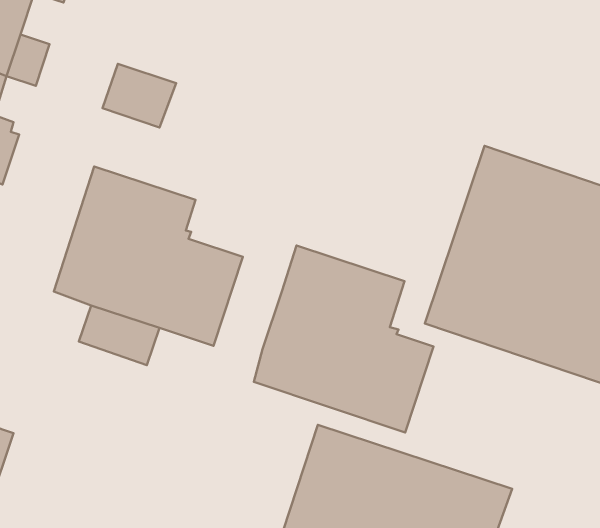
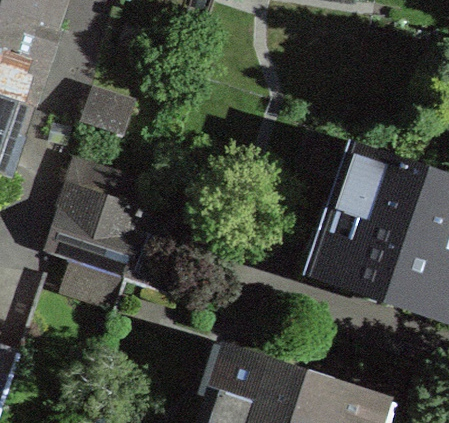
building: [254,246,433,432] -> none

